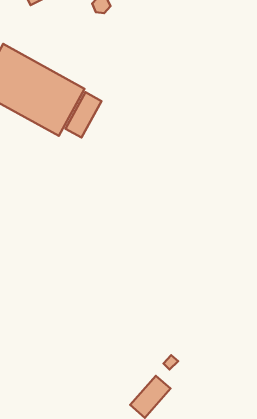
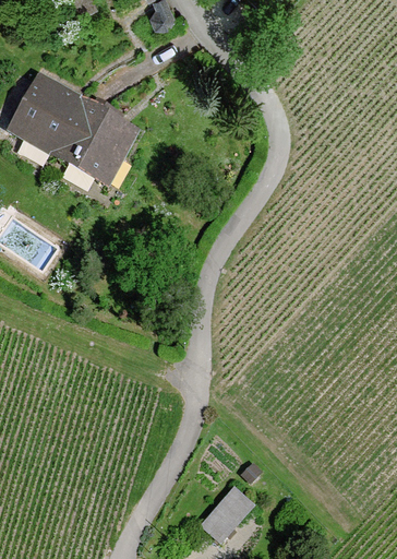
building: [66,92,102,138] -> none

